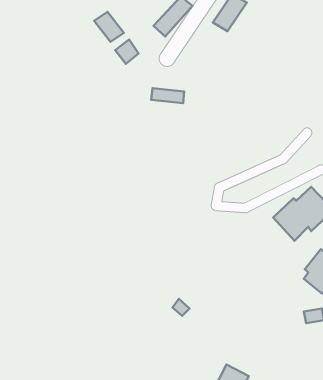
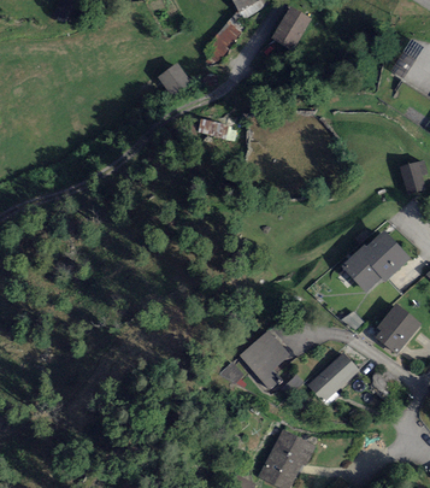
building: [94,12,124,42] -> none
building: none -> [241,334,293,393]
building: none -> [313,357,359,400]

